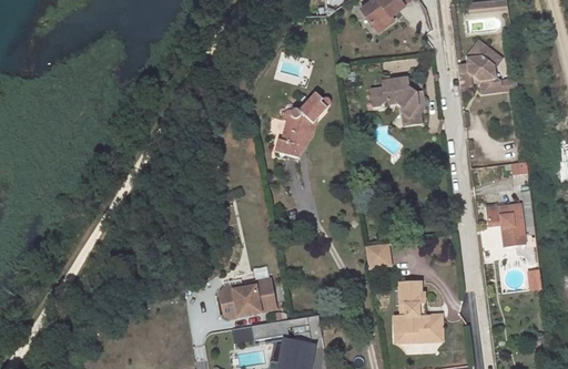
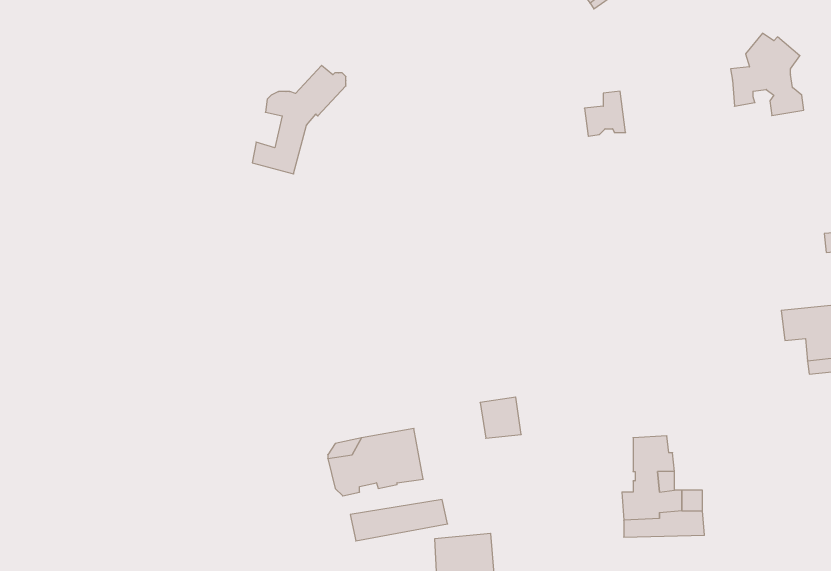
building: [392,78,424,123] -> none
building: [274,93,329,157] -> [252,65,346,174]
building: [365,243,389,267] -> [480,397,521,438]

